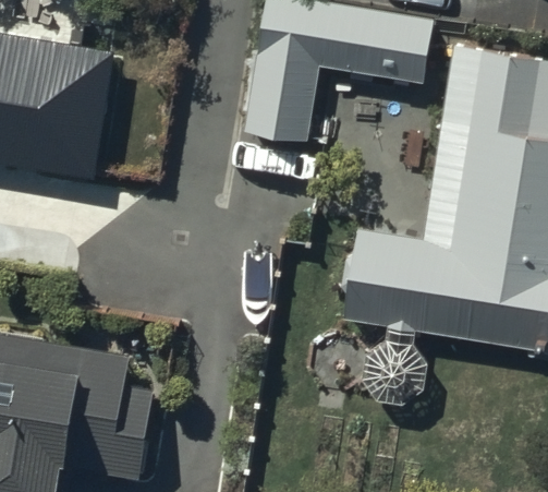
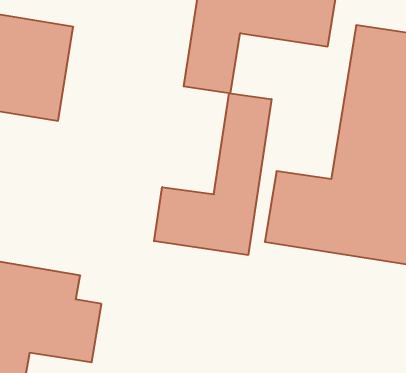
building: none -> [154,93,272,255]

